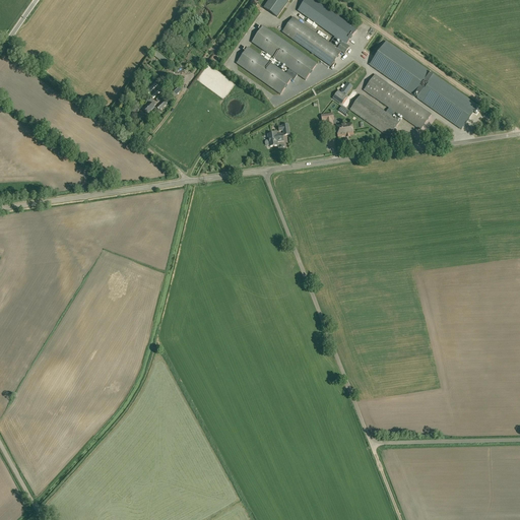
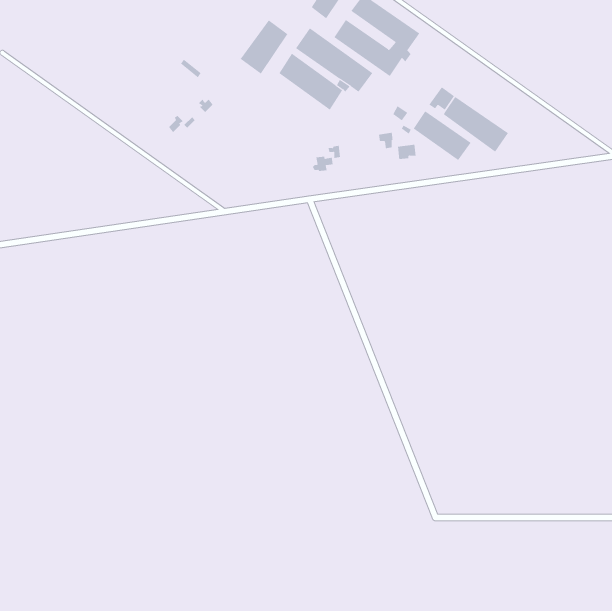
building: none -> [240,19,288,75]
building: [369,41,476,128] -> none

